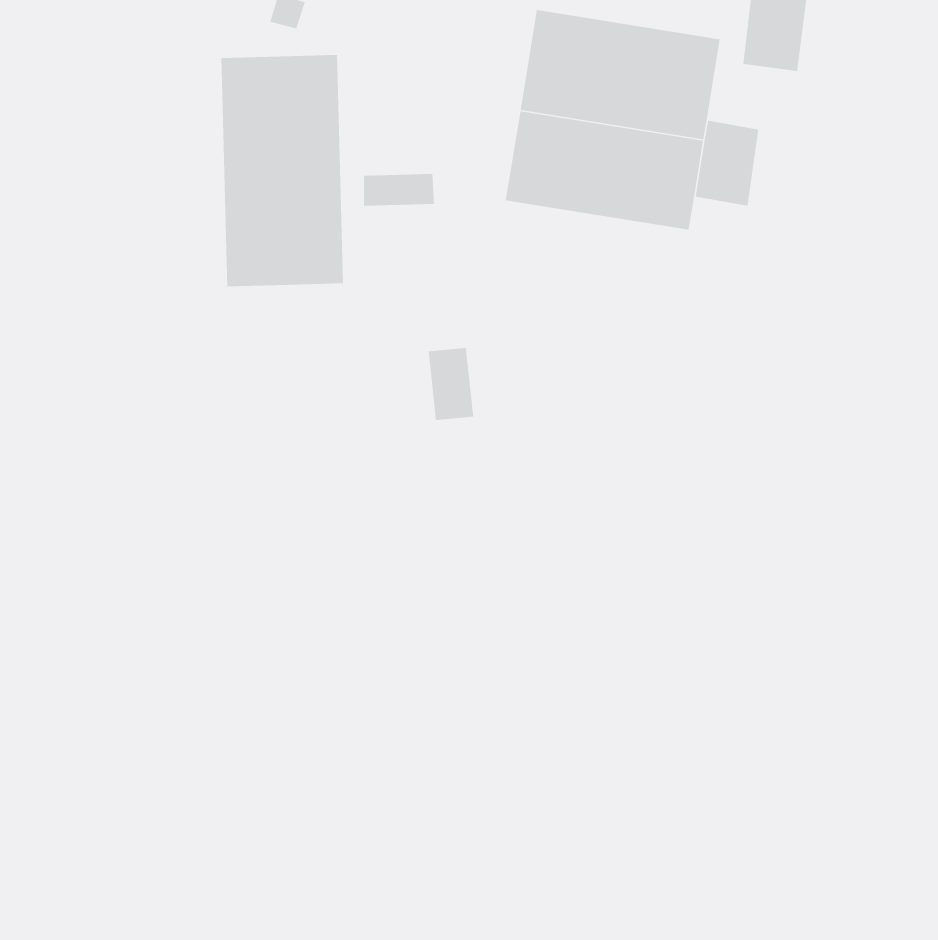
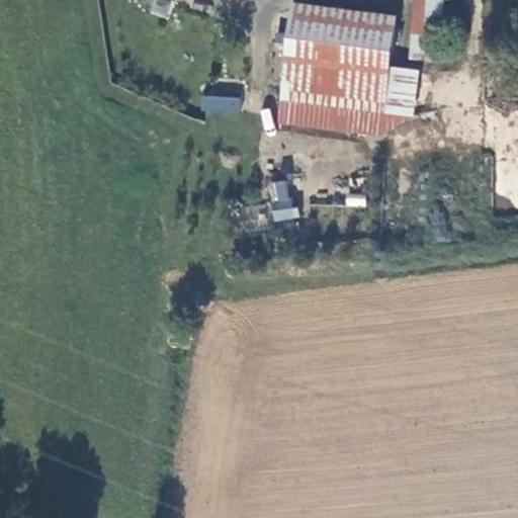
building: [221,54,344,287] -> none
building: [428,347,474,421] -> [267,179,292,220]

